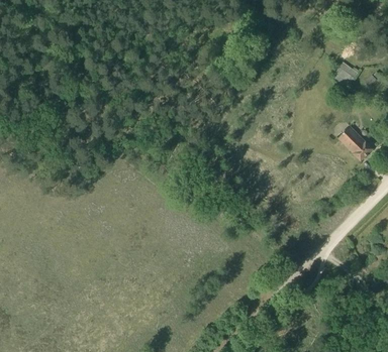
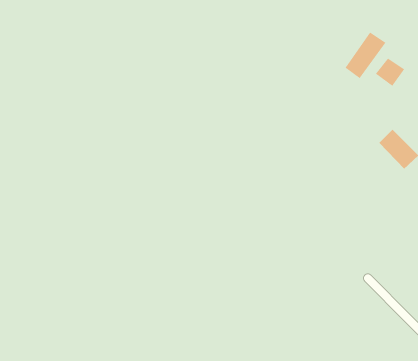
building: none -> [344,32,387,79]

